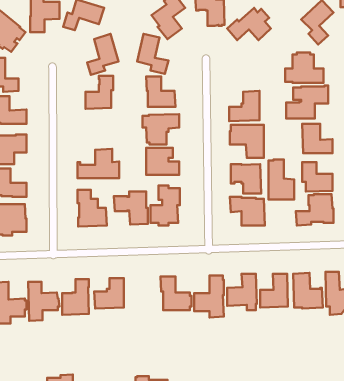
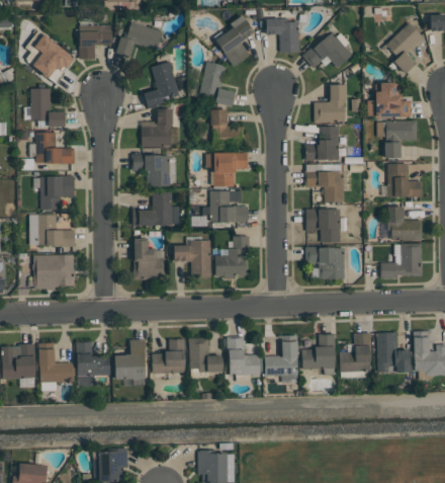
building: none -> [315,84,346,122]
building: none -> [131,154,177,186]
building: [269,159,294,199] -> none
building: none -> [189,337,222,378]

